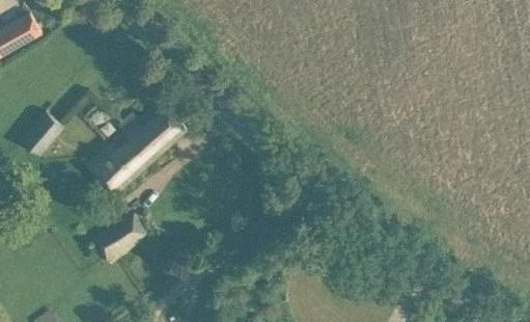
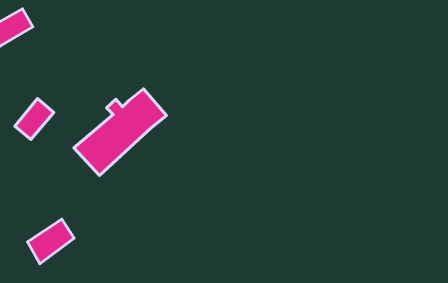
building: [96,214,147,263] -> [28,219,74,264]

